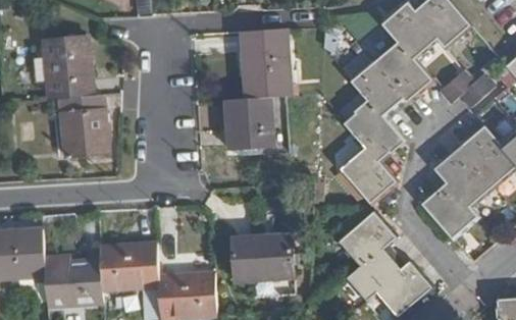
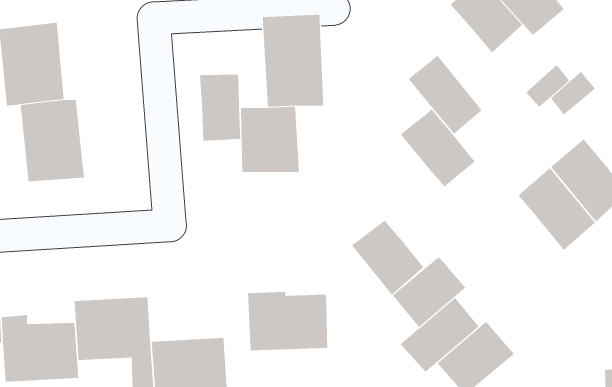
building: [374,40,433,102] -> none
building: none -> [200,74,241,141]
building: [341,145,396,202] -> [351,220,424,296]
building: [420,179,477,237] -> none

